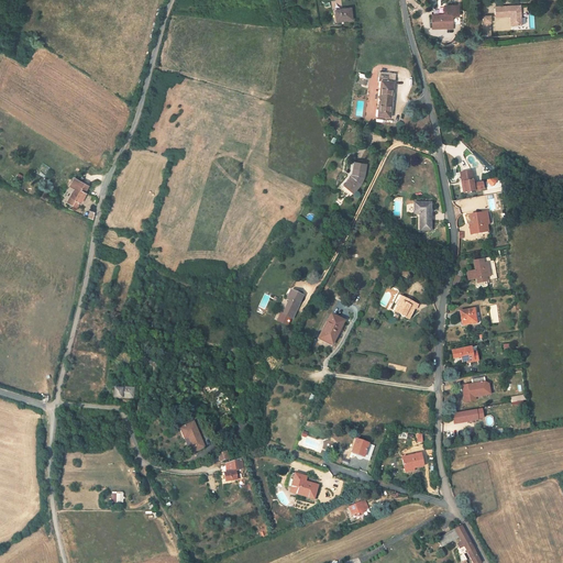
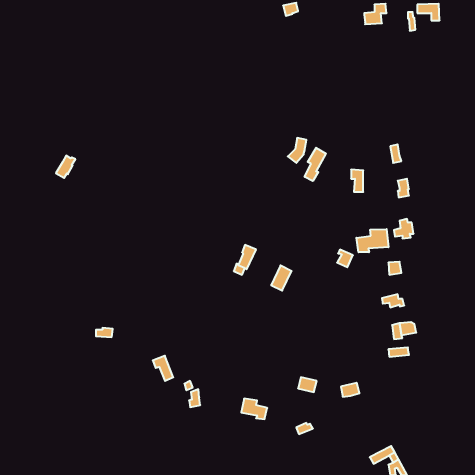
building: [377,71,395,115] -> none
building: none -> [305,148,326,181]
building: none -> [356,229,388,252]

